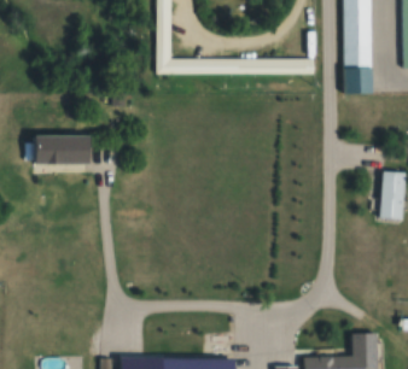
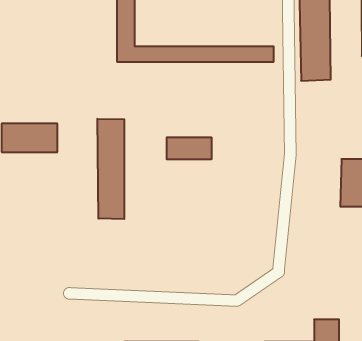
building: none -> [97,119,124,219]
building: none -> [167,137,211,159]

